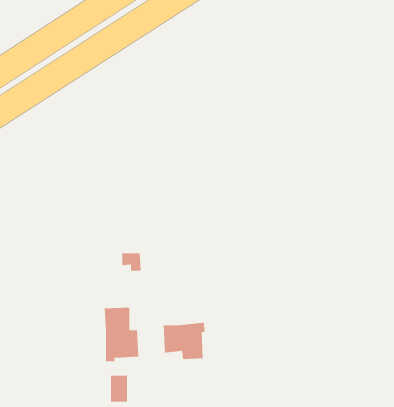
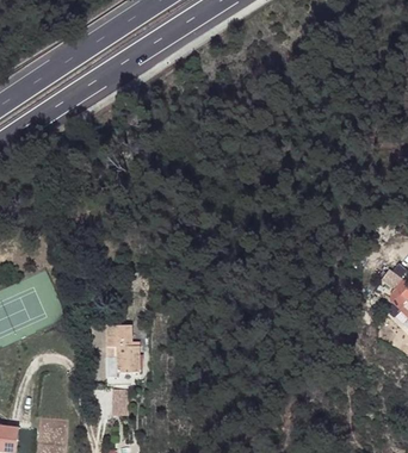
building: [163,322,205,360] -> none

